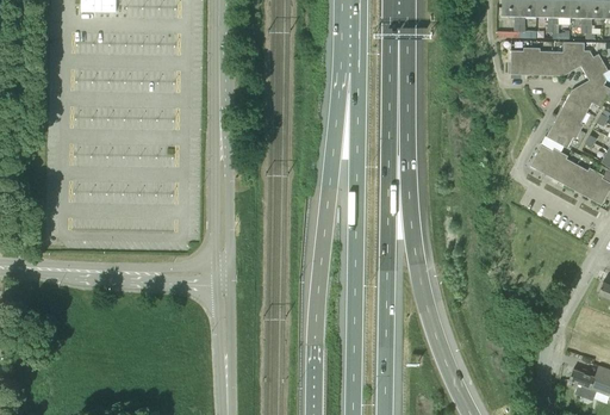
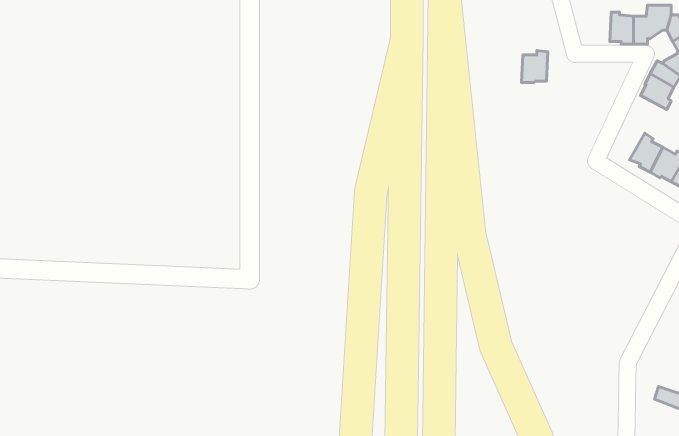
building: [510,47,533,74] -> [521,50,548,83]
building: [546,119,580,148] -> none
building: [529,144,561,174] -> none

